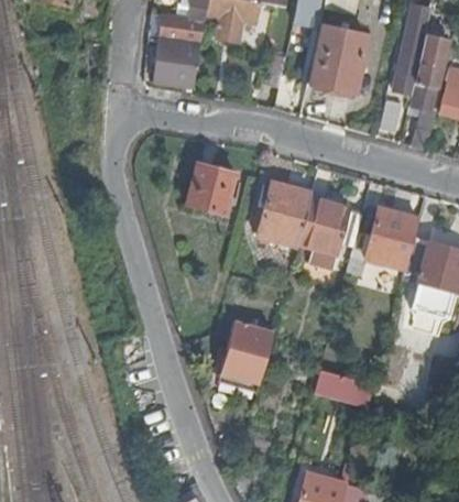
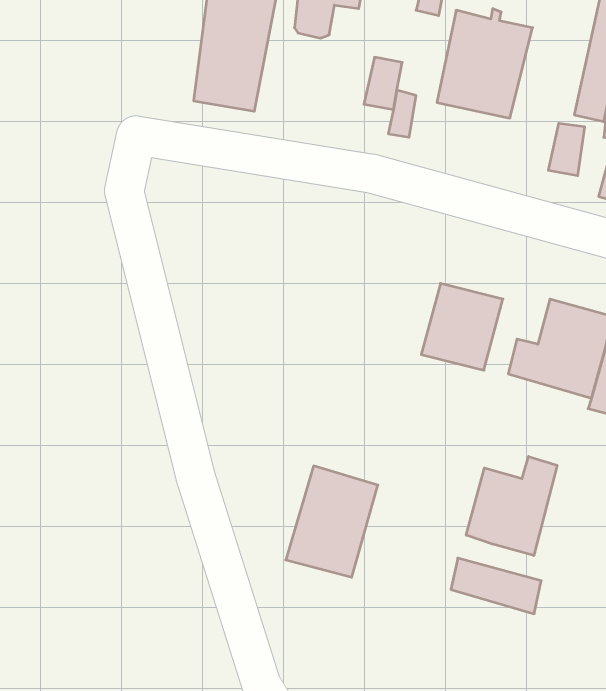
building: [187,162,237,214] -> none
building: [258,182,312,247] -> none
building: none -> [466,456,557,556]

